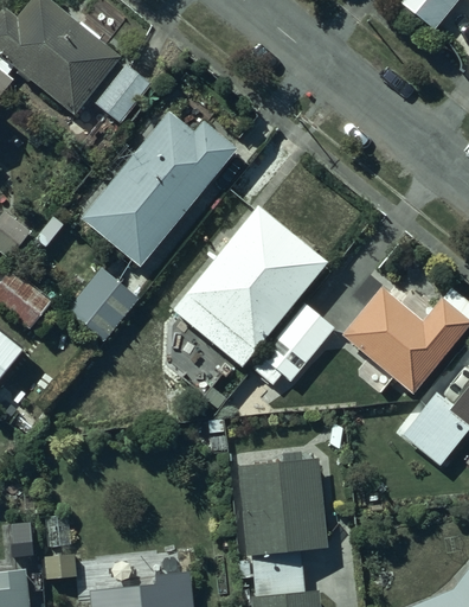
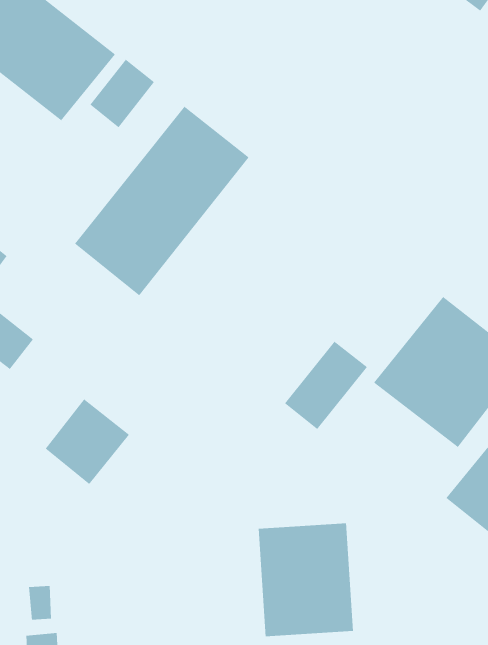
building: [174,207,329,368] -> none
building: [69,267,141,340] -> [45,399,130,485]

